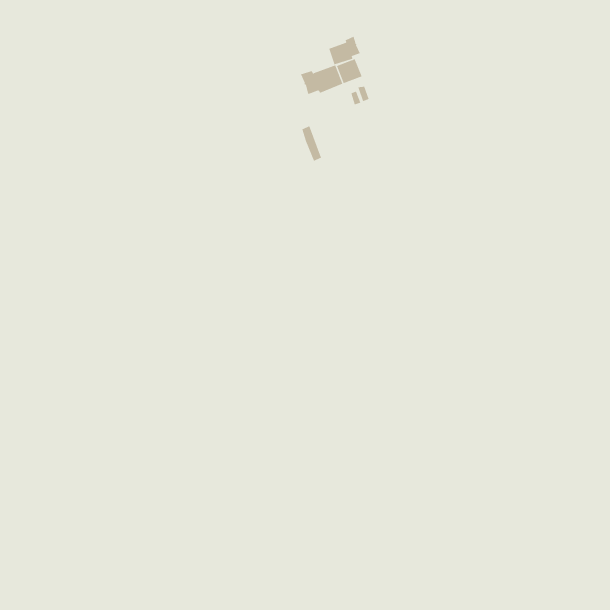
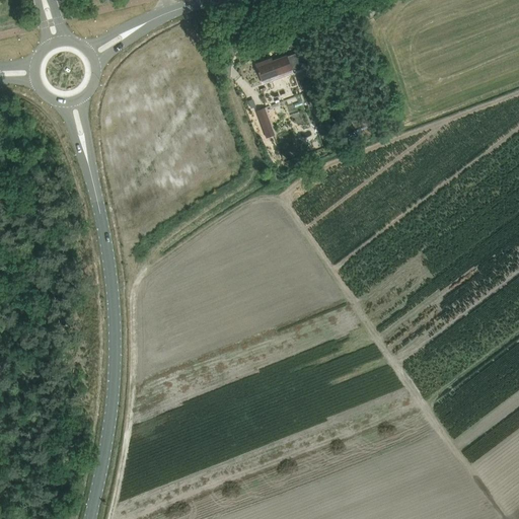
building: [328,36,362,65] -> none

